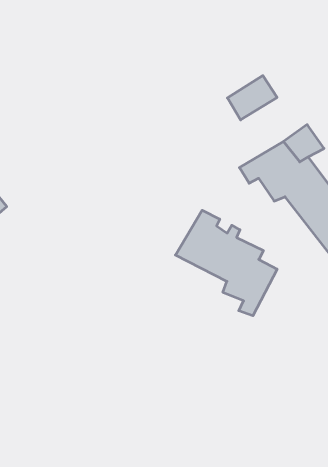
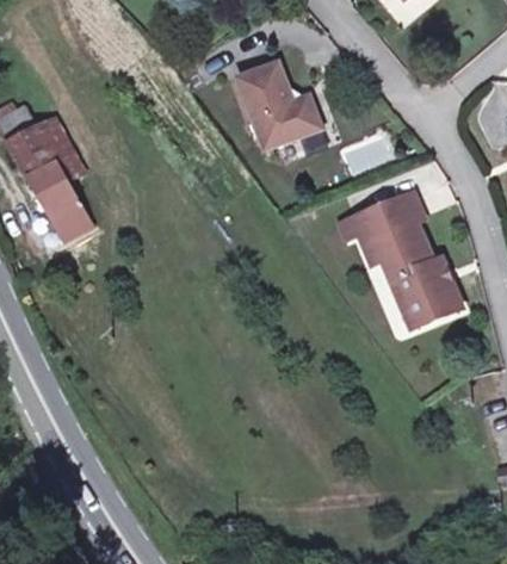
building: none -> [235,60,323,145]
building: [175,210,277,316] -> none

